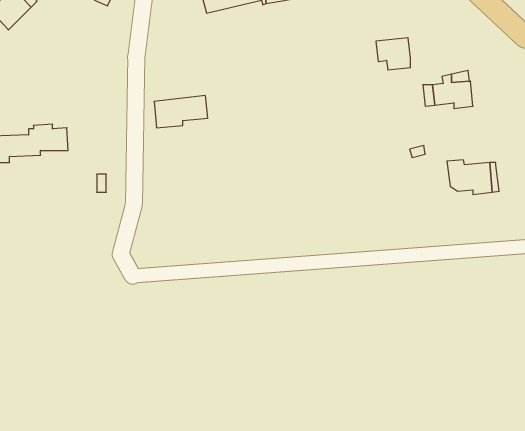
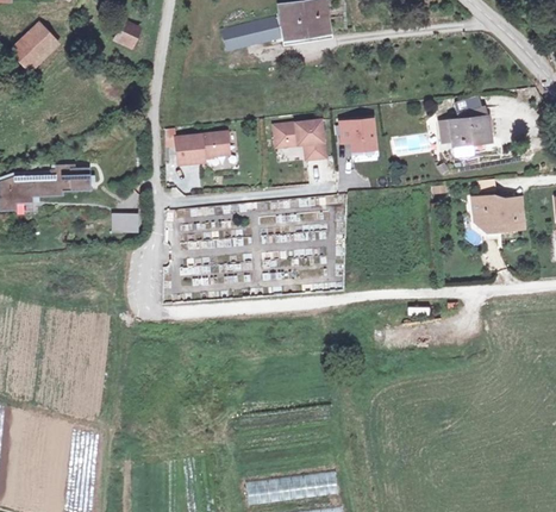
building: [376,38,410,70] -> [342,120,376,152]
building: none -> [274,121,325,162]

